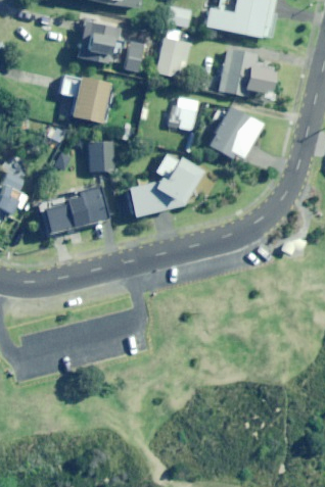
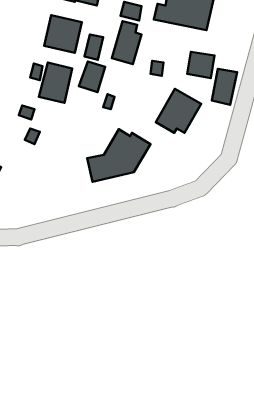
building: [220,53,249,95] -> [212,69,237,105]
building: [170,95,200,131] -> [79,62,105,92]
building: [90,142,113,171] -> none
building: [38,191,103,237] -> none

